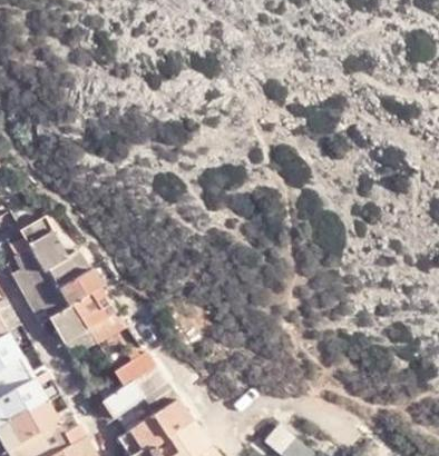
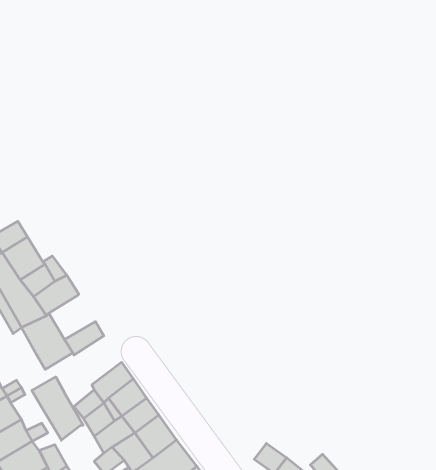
building: [74,287,117,328] -> none
building: none -> [32,377,83,440]

